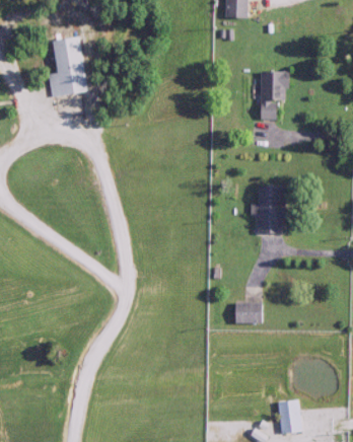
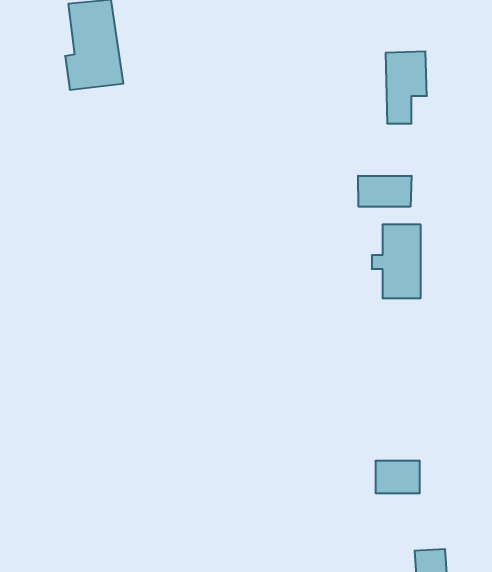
building: none -> [358,176,412,207]
building: [234,303,264,324] -> [375,461,420,493]

